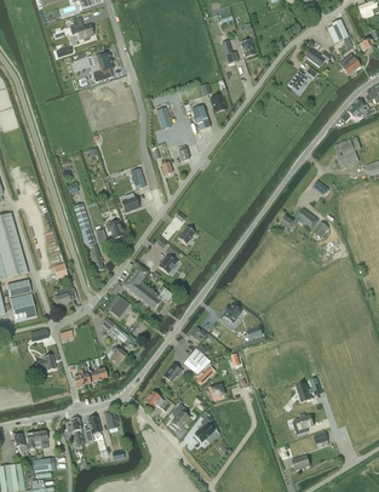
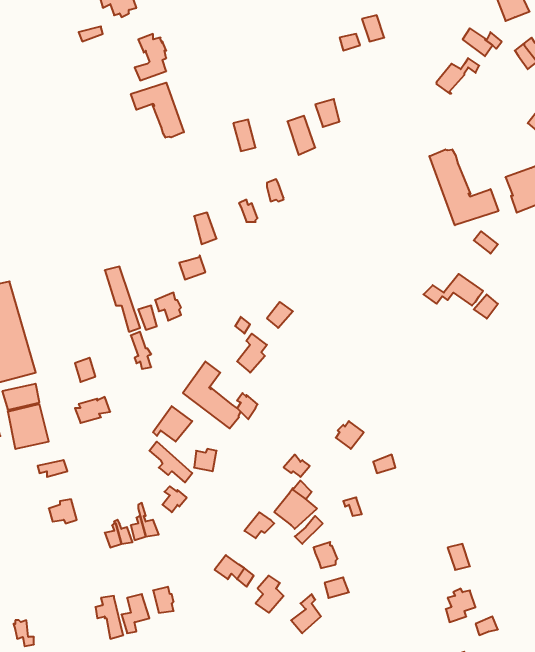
building: none -> [131,83,184,138]
building: none -> [429,149,498,225]

